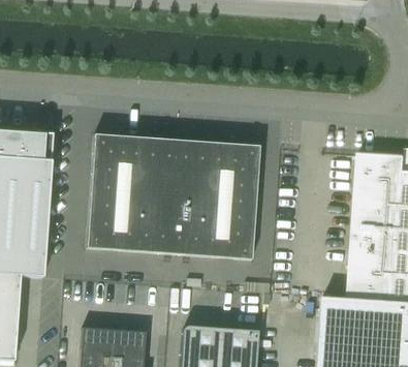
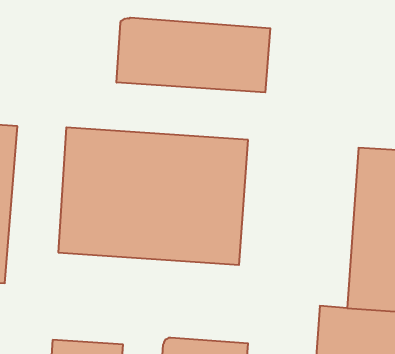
building: none -> [117,18,270,92]

